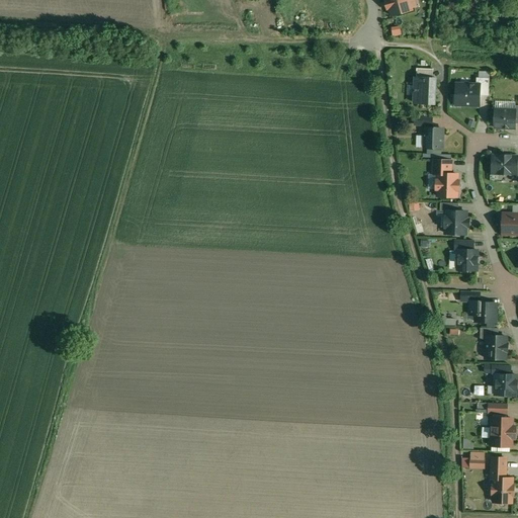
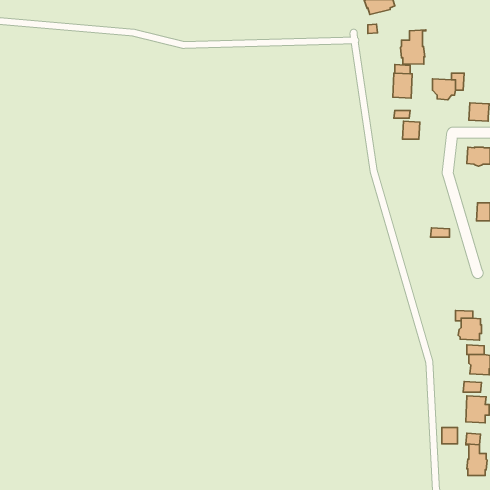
building: none -> [400,30,426,64]
building: [432,159,458,196] -> none
building: [443,210,468,236] -> none
building: [455,250,478,271] -> none
building: [469,300,496,321] -> none

